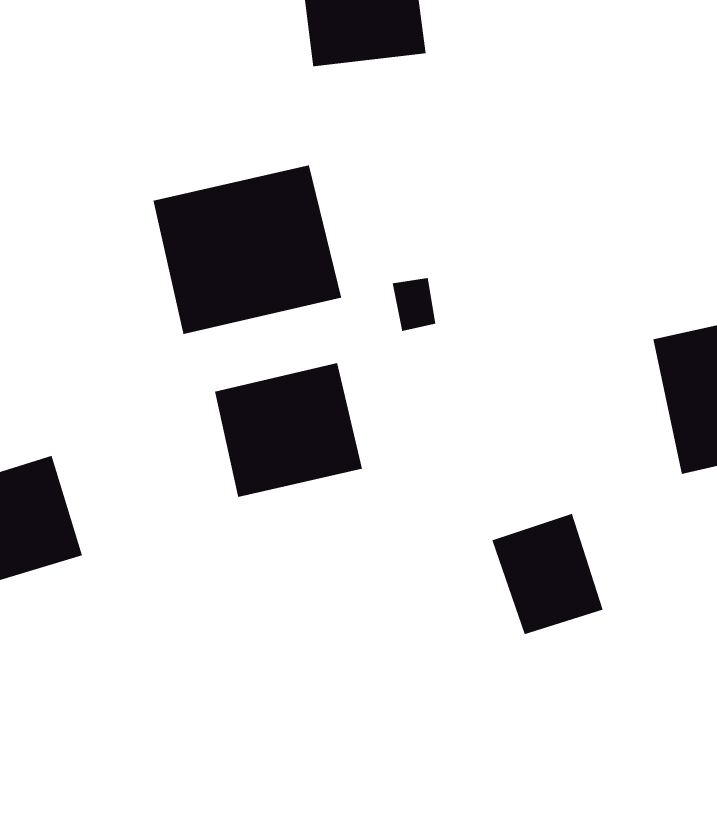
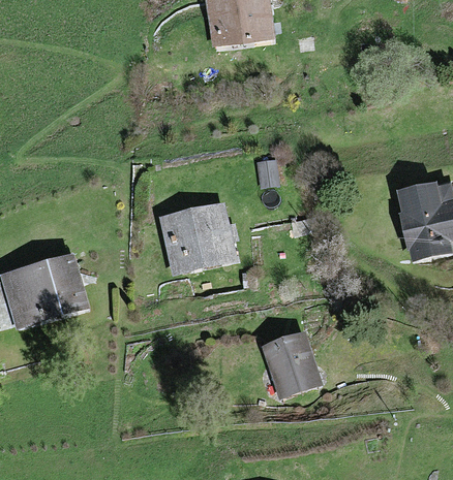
building: [153,165,342,335] -> none
building: [491,513,603,635] -> [262,330,322,395]

